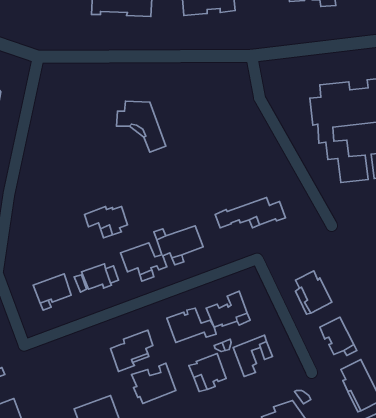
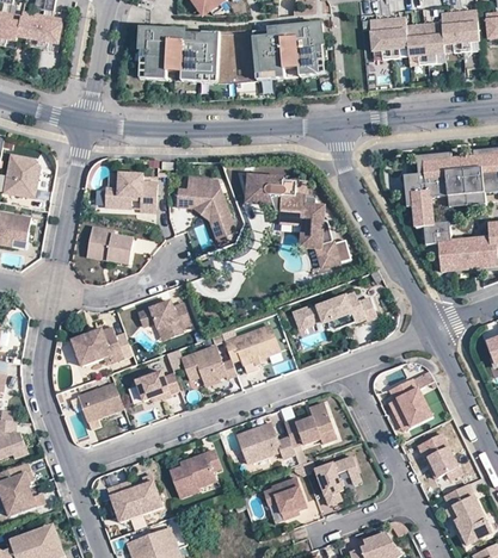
building: none -> [105,173,156,211]
building: none -> [240,173,350,266]
building: none -> [88,227,133,262]
building: none -> [72,326,133,365]
building: [132,363,176,404] -> [110,473,162,521]

